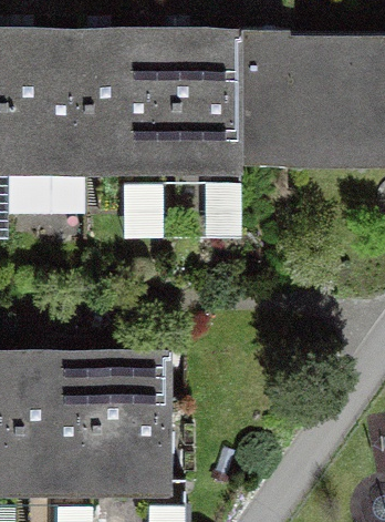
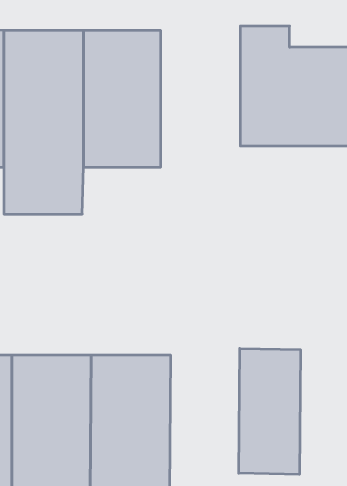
building: [159,33,238,168] -> none
building: none -> [239,348,300,474]

